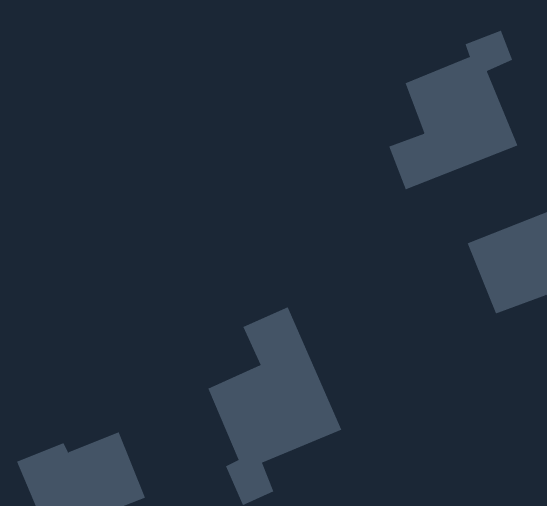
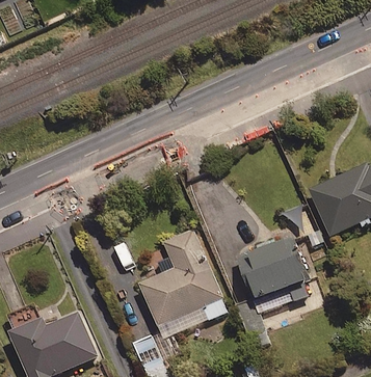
building: [389,30,518,190] -> none
building: none -> [237,236,311,346]

